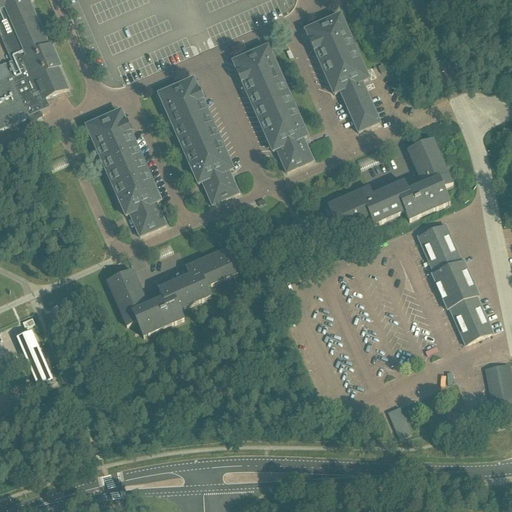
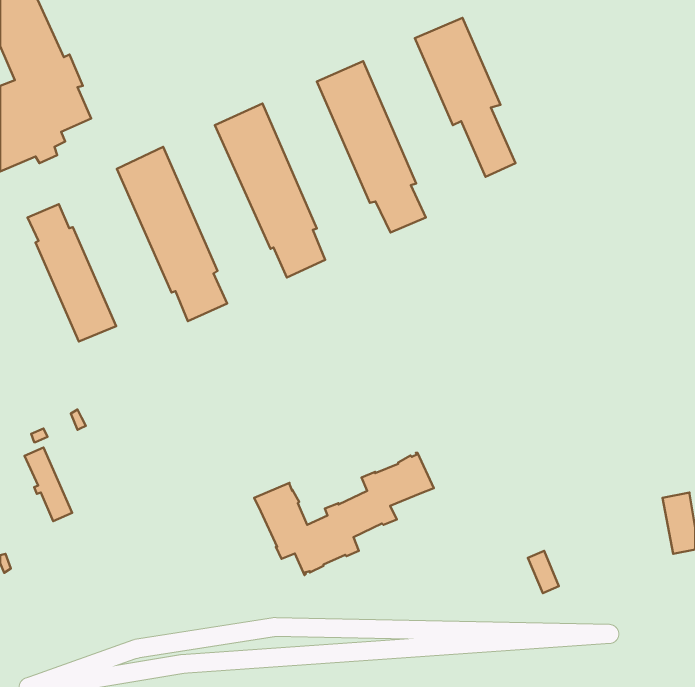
building: [328,136,453,227] -> none
building: none -> [27,204,116,341]
building: [417,221,493,343] -> none
building: [106,246,238,336] -> [254,453,434,575]

